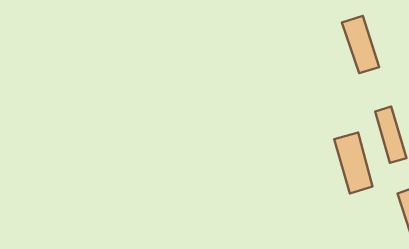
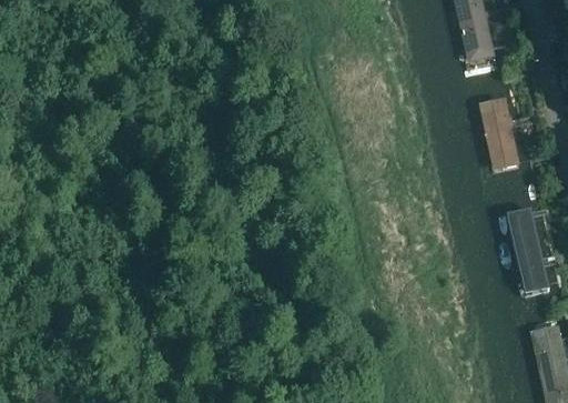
building: [334,132,373,193] -> none

